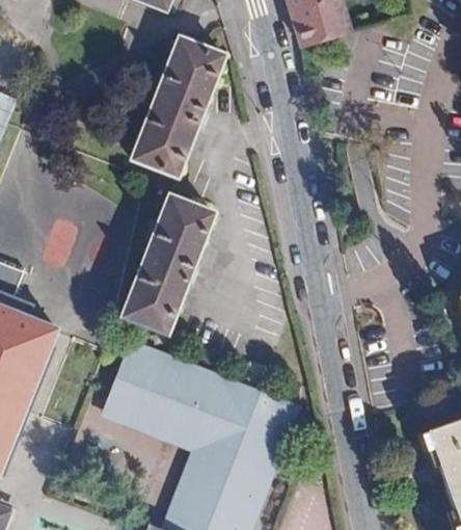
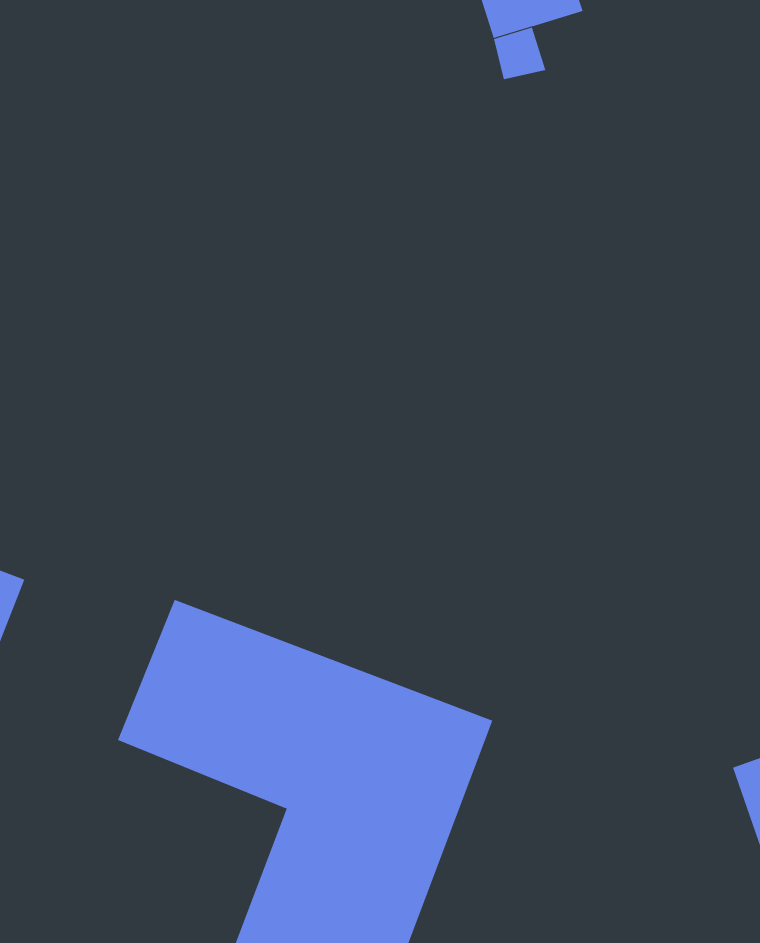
building: [131,42,222,180] -> none
building: [123,196,214,336] -> none

